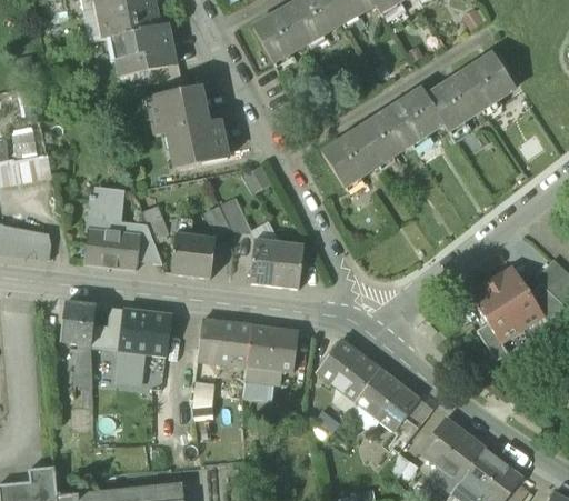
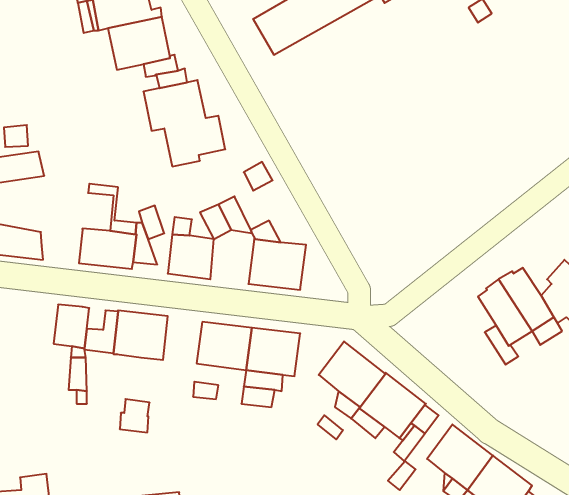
building: [322,52,515,186] -> none
building: [87,193,119,231] -> none
building: [117,350,146,382] -> [120,399,150,432]

